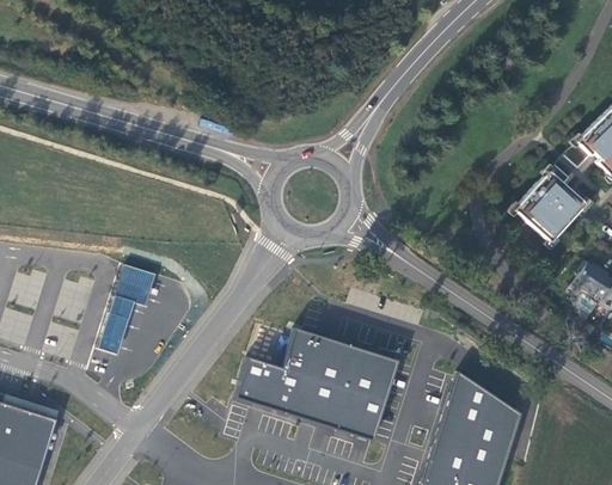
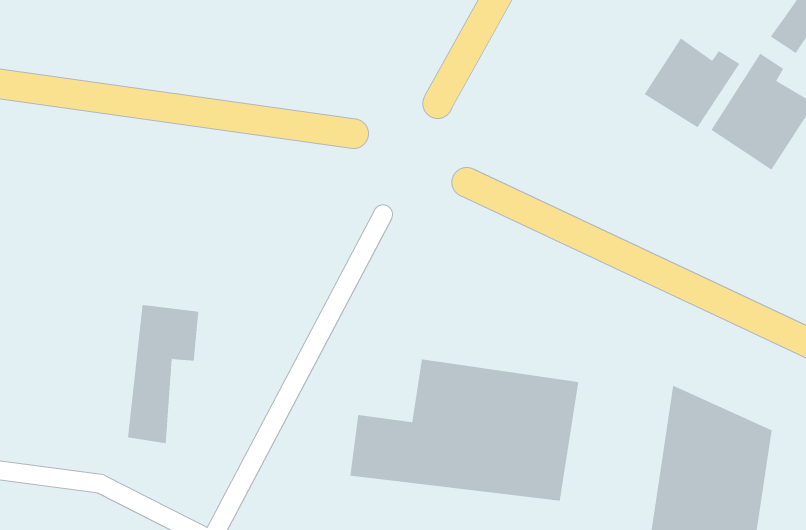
building: none -> [644,38,740,128]

